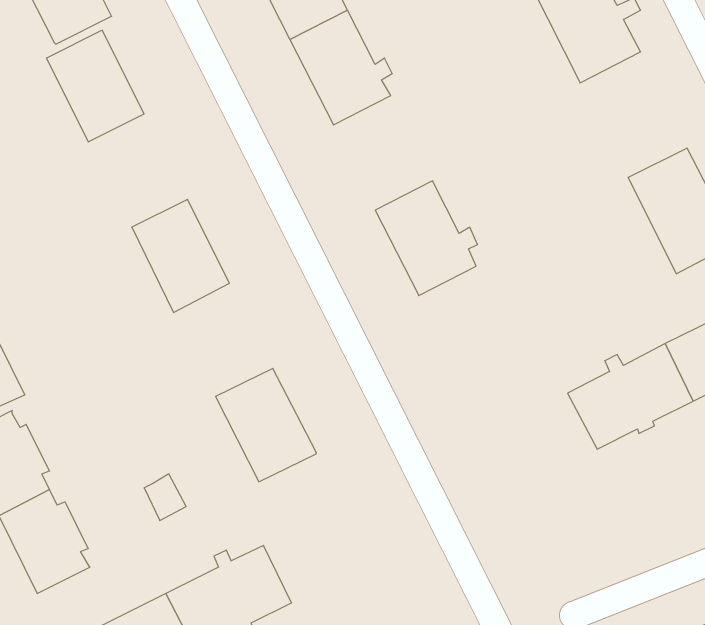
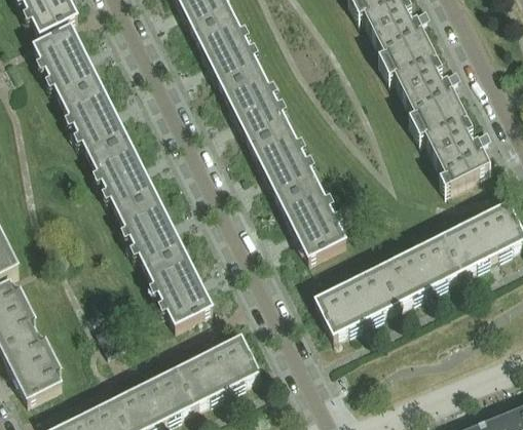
building: none -> [387,41,458,124]
building: none -> [224,70,290,146]
building: none -> [62,82,127,157]
building: none -> [281,183,347,258]
building: none -> [118,194,184,269]
building: none -> [315,267,399,337]
building: none -> [178,336,261,405]

